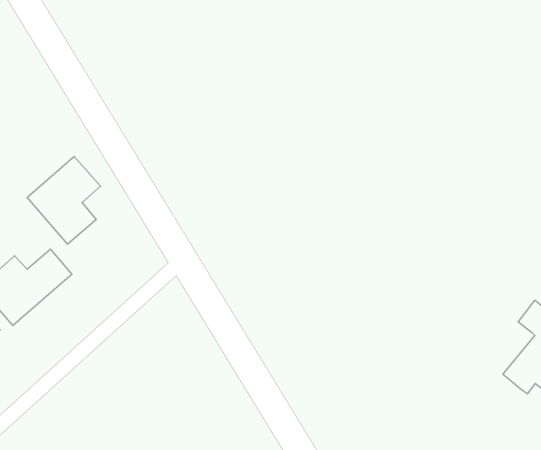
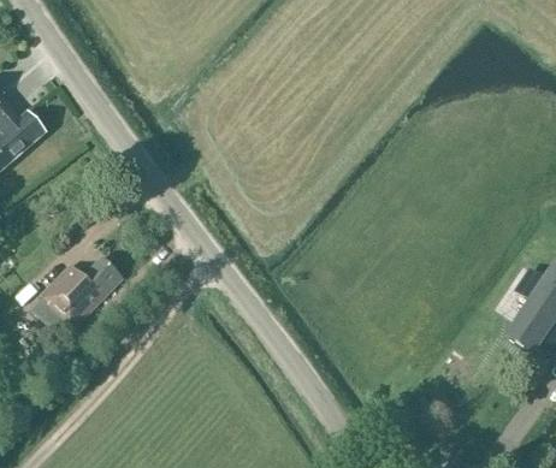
building: [27,157,101,244] -> none

